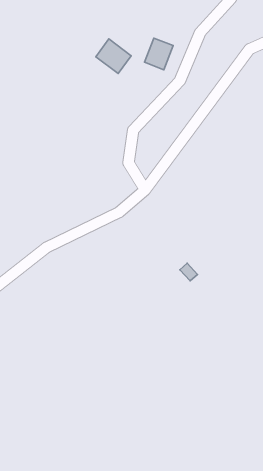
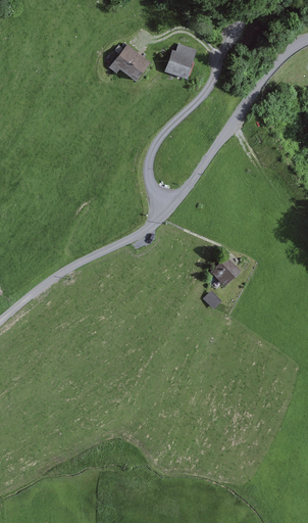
building: none -> [213,257,243,287]

